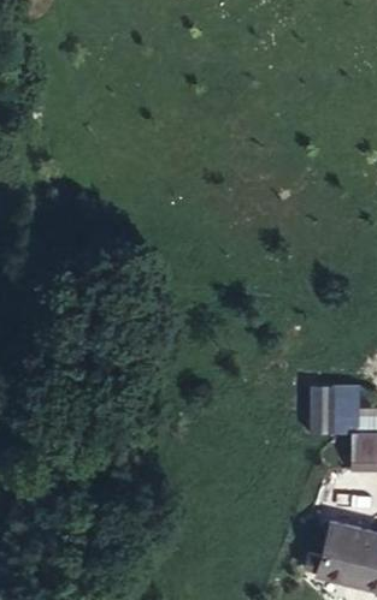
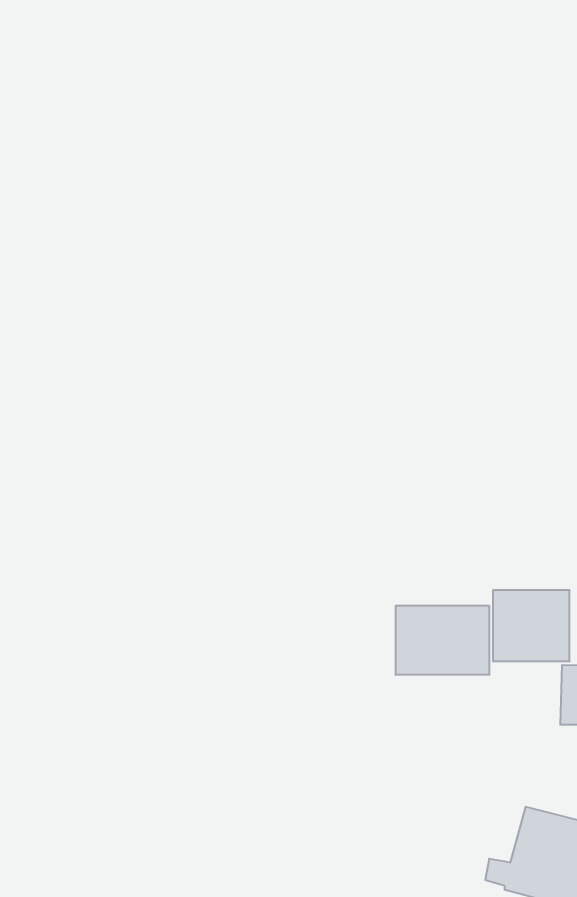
building: none -> [396,606,489,675]

